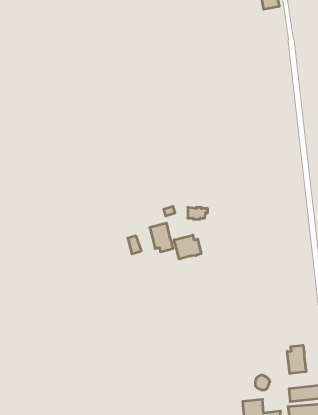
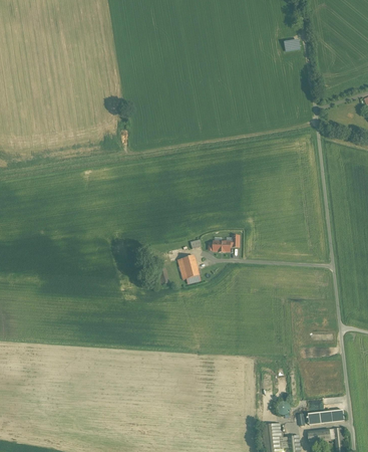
building: [174,235,201,259] -> none
building: [287,345,306,374] -> none

